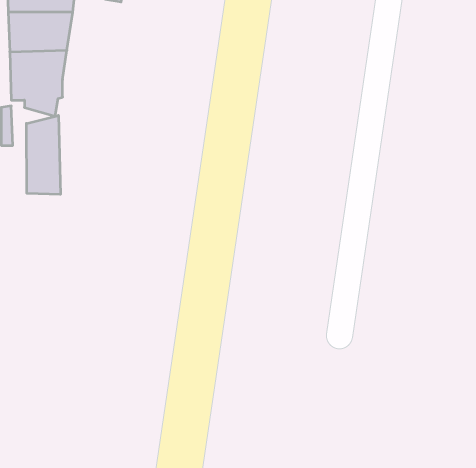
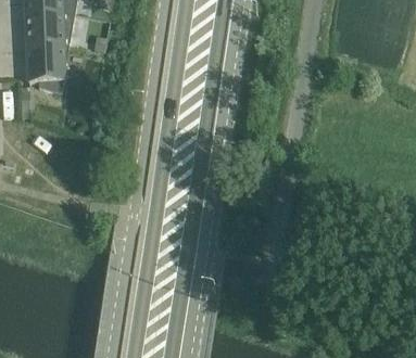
building: [26,115,60,194] -> none

